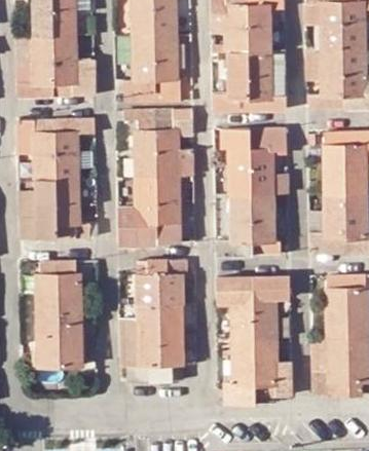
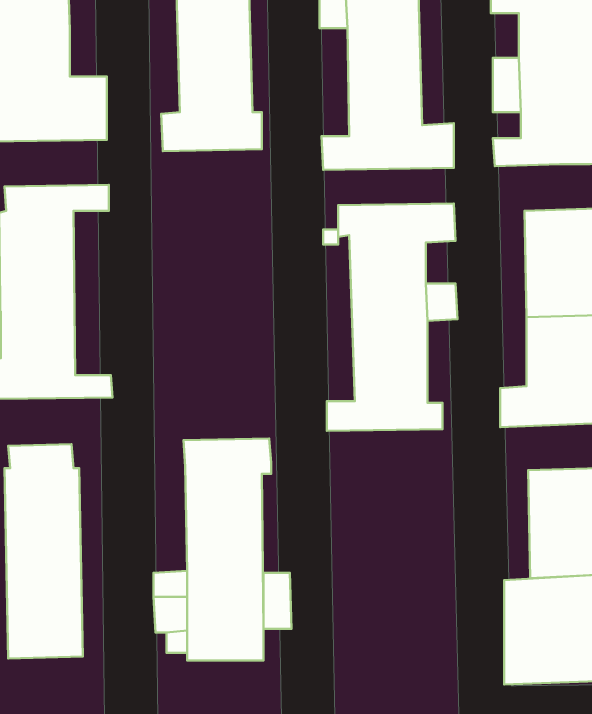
building: [117,109,193,243] -> none
building: [216,276,291,404] -> none

